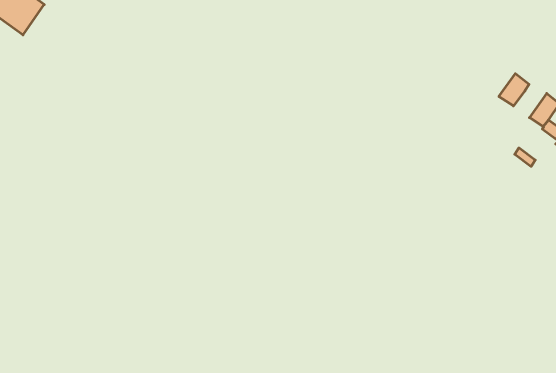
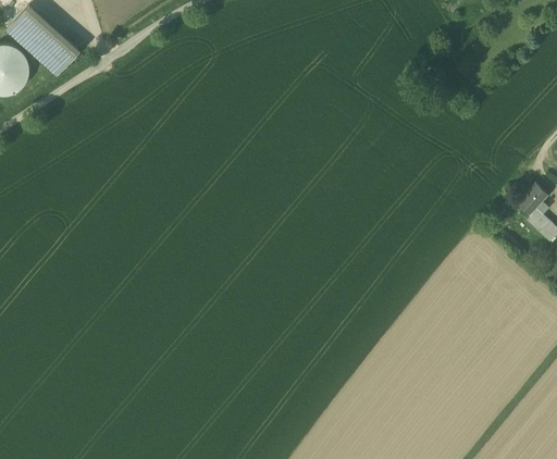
building: [499,74,529,106] -> none

